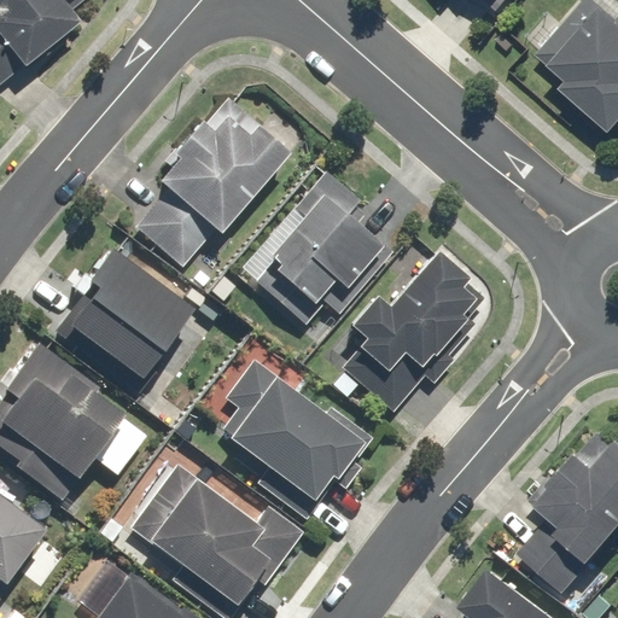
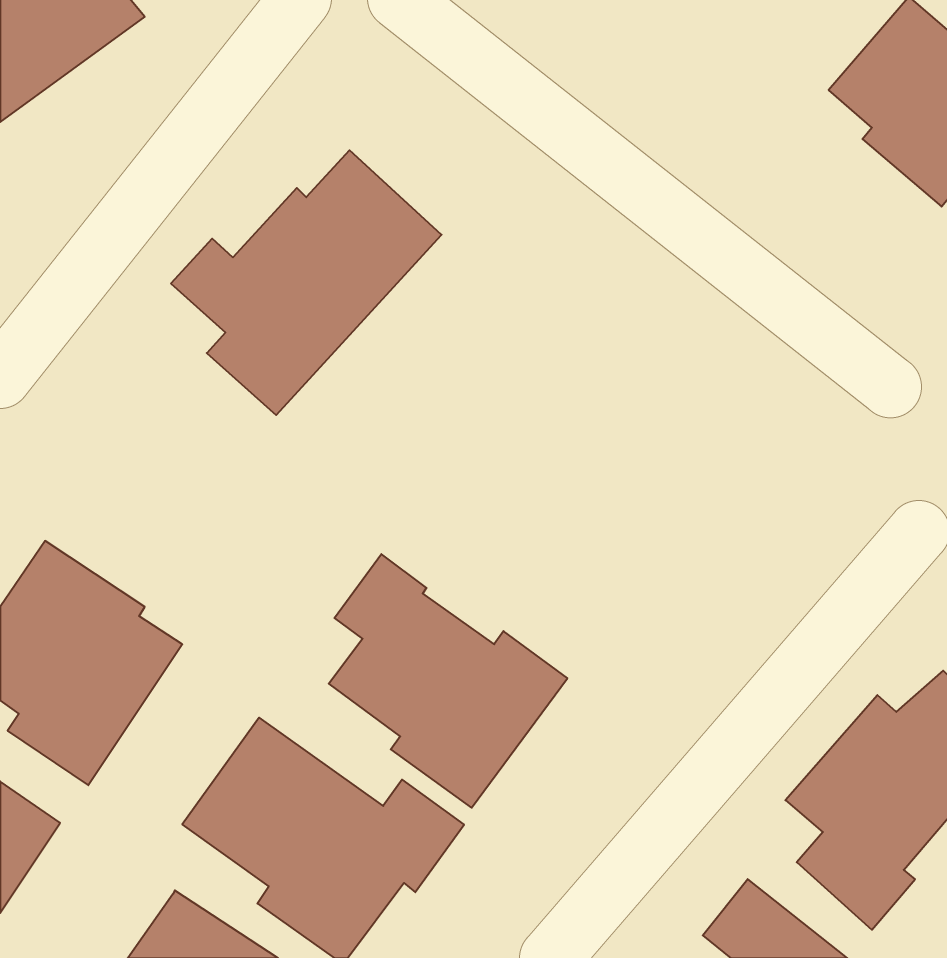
building: [240,171,380,327] -> none
building: [57,247,194,391] -> none
building: [338,249,474,413] -> none

